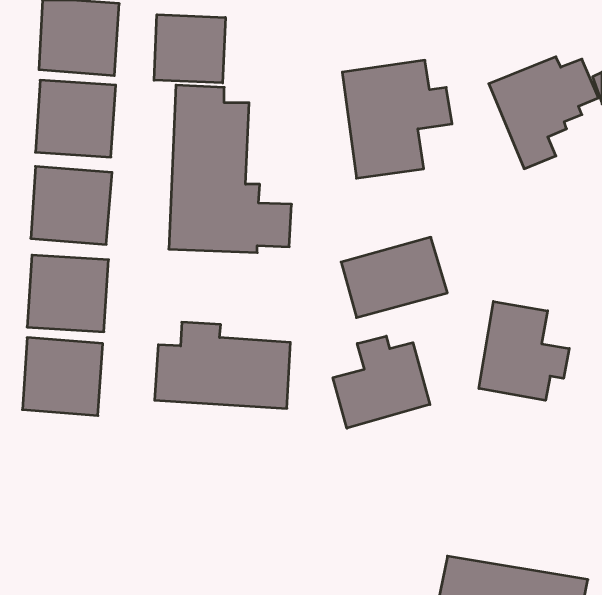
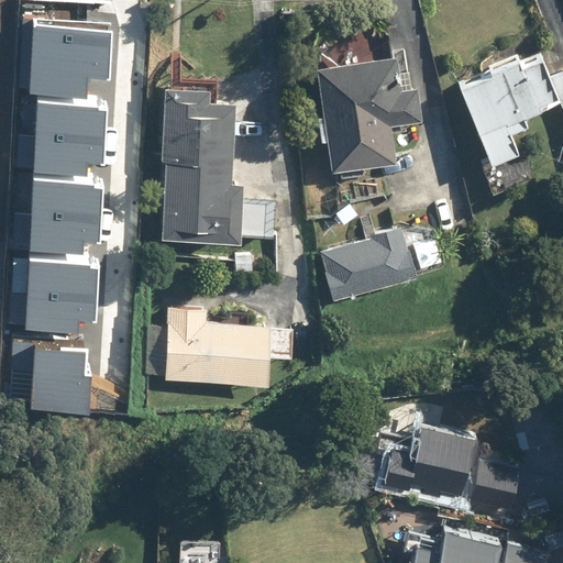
building: [154,15,225,83] -> none
building: [479,301,569,400] -> none
building: [333,336,430,428] -> none
building: none -> [377,426,518,514]

